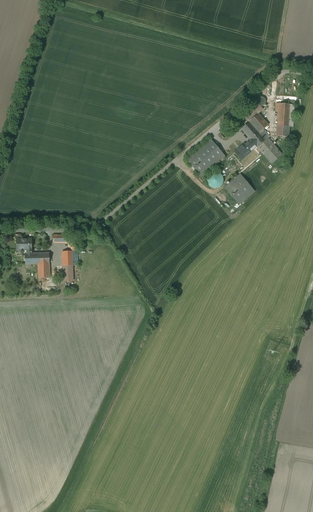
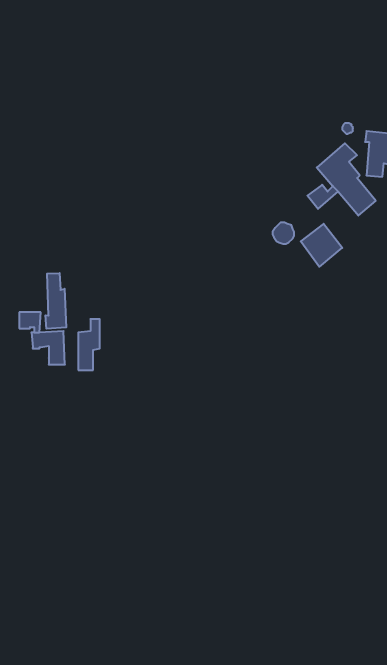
building: [186,140,223,176] -> none
building: none -> [45,273,66,329]

